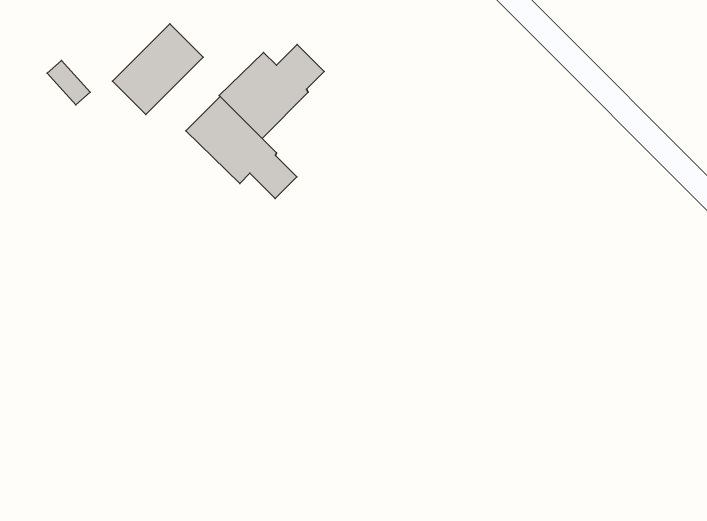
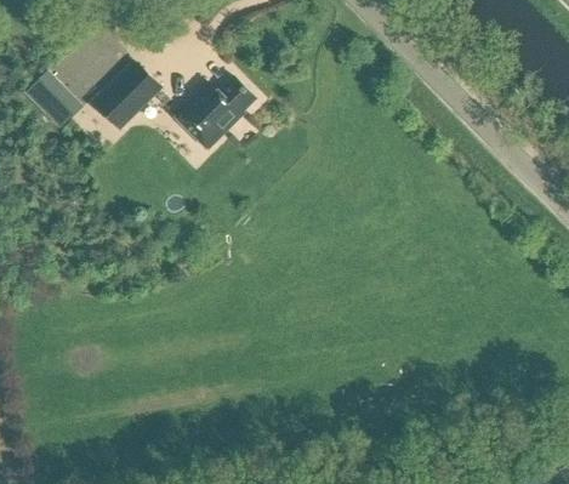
building: none -> [25,72,84,130]
building: [186,96,297,199] -> none

